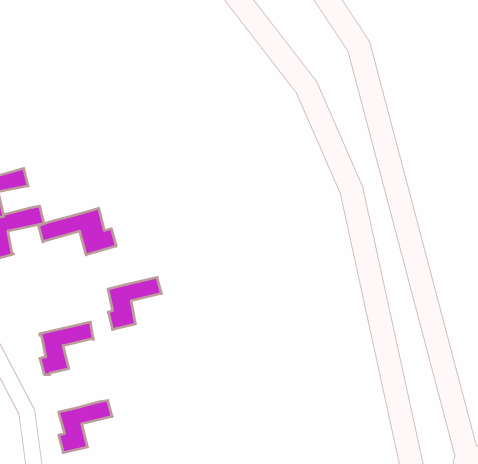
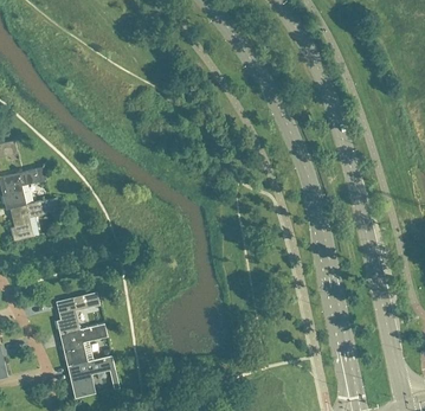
building: [39,208,116,255] -> none
building: [108,277,162,330] -> [64,323,108,366]

